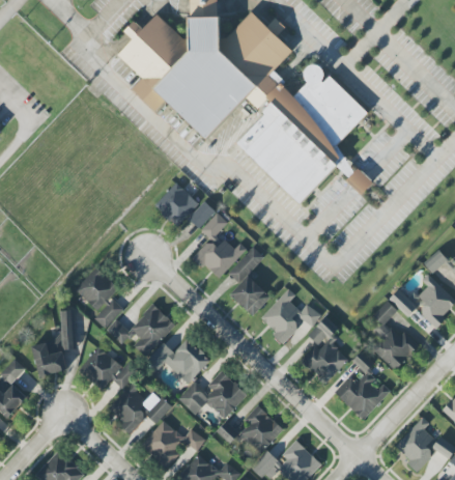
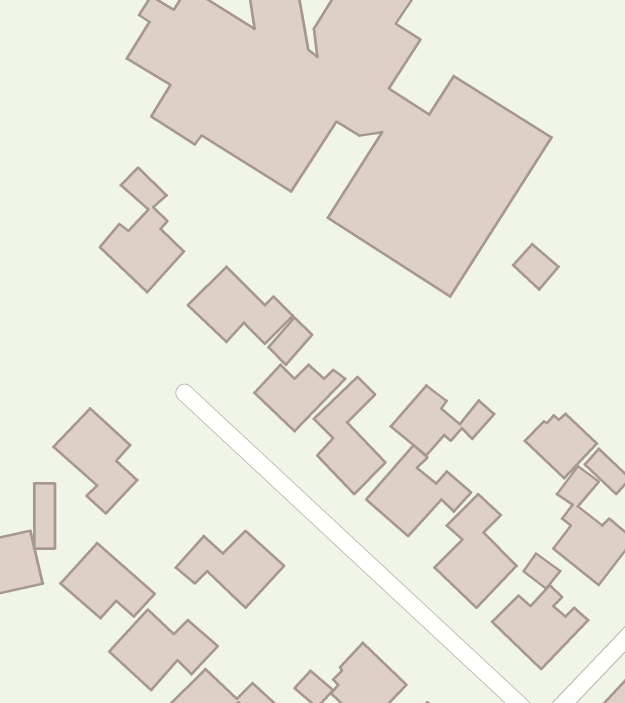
building: none -> [100,168,184,292]
building: none -> [391,385,494,456]
building: none -> [525,414,597,478]
building: [106,305,175,358] -> none
building: [178,371,248,419] -> none

